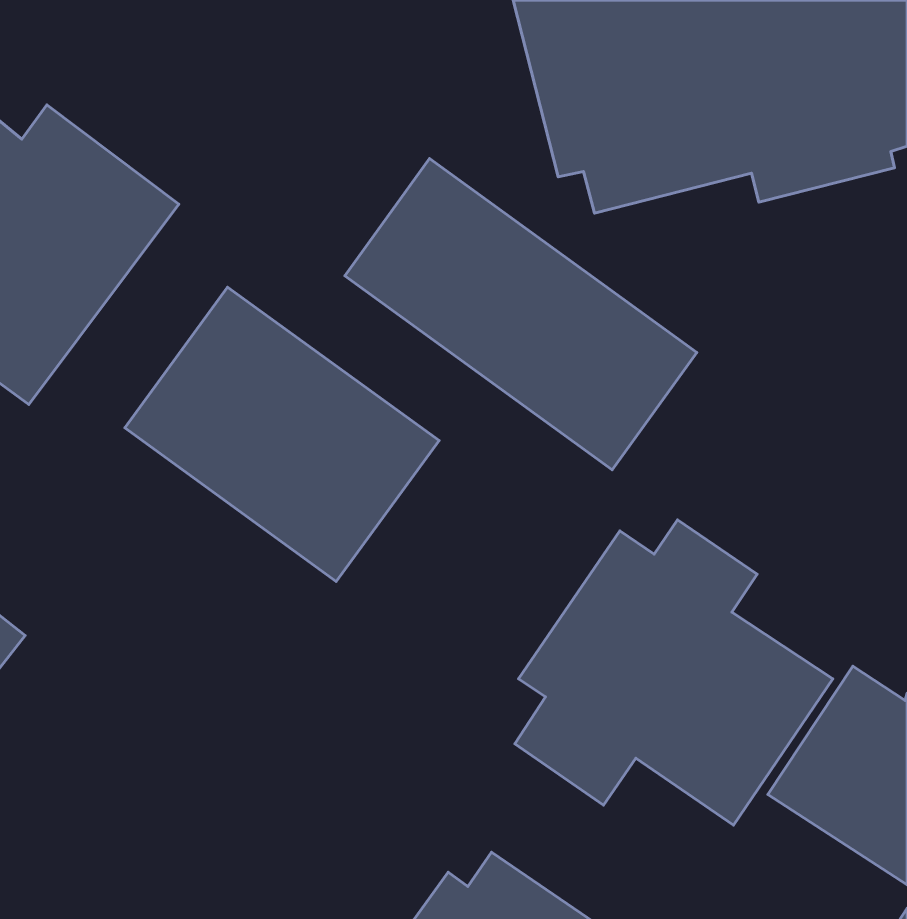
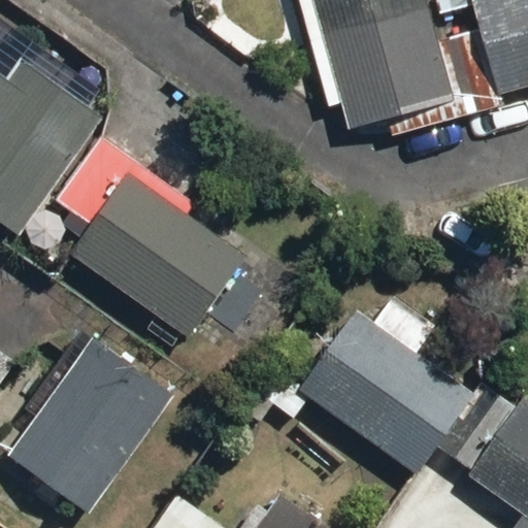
building: [345,159,697,470] -> none
building: none -> [10,333,182,512]

